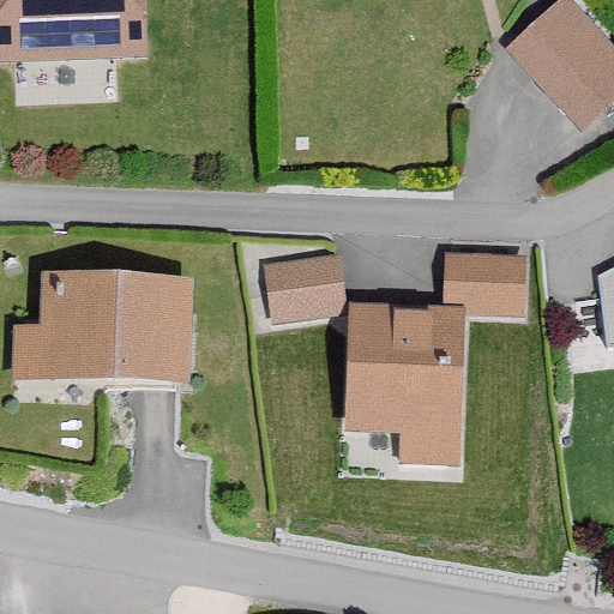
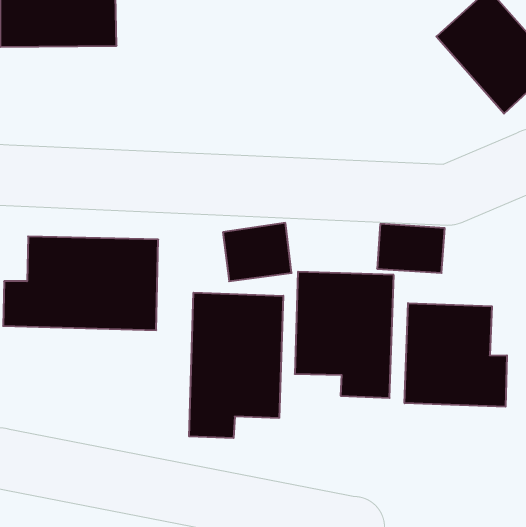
building: none -> [189,293,283,438]
building: none -> [405,303,507,407]

